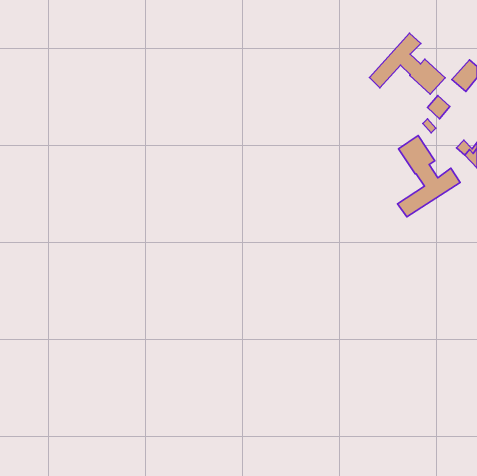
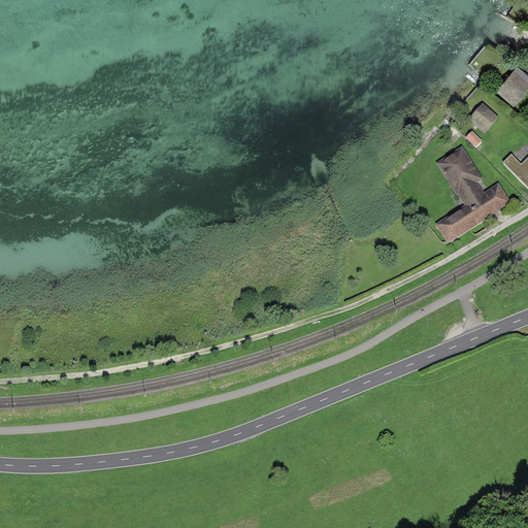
building: [369,33,445,94] -> none

